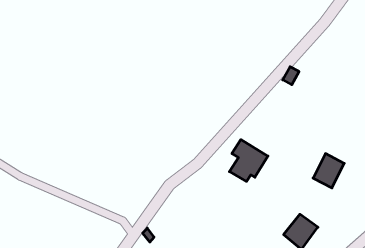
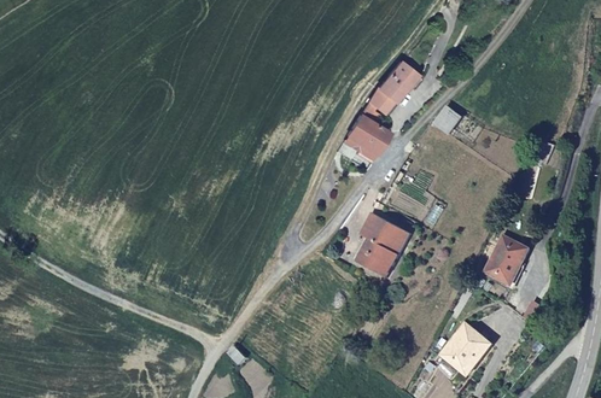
building: none -> [367,60,418,115]
building: none -> [340,112,390,164]

